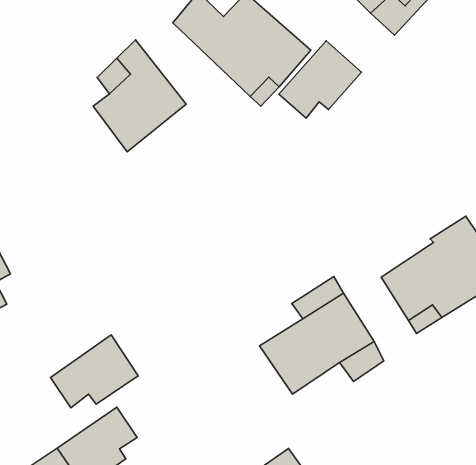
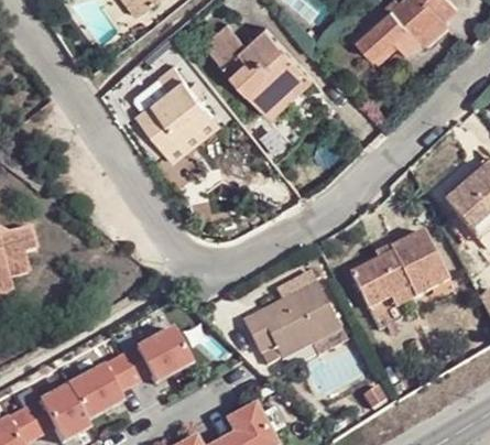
building: [279,41,361,118] -> none
building: [50,335,138,408] -> [124,328,196,384]

